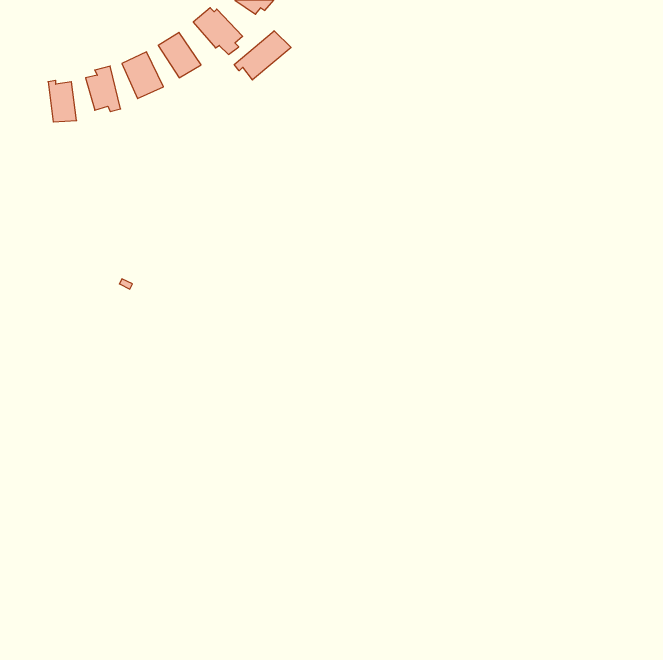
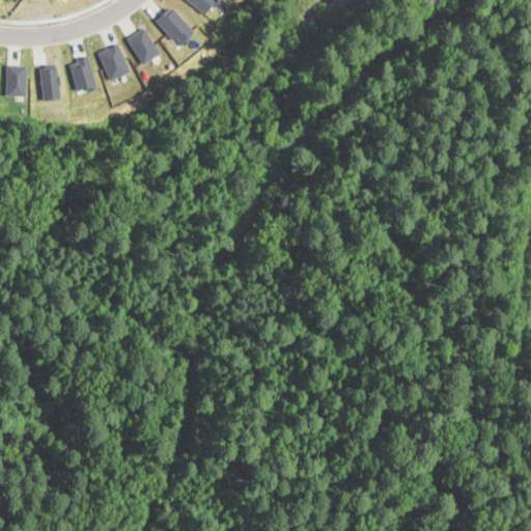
building: [234,31,291,80] -> none
building: none -> [5,65,26,96]

